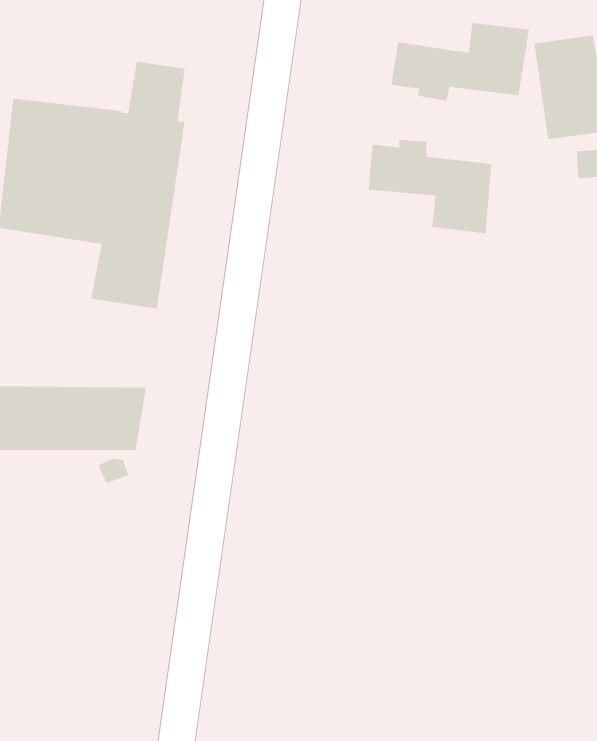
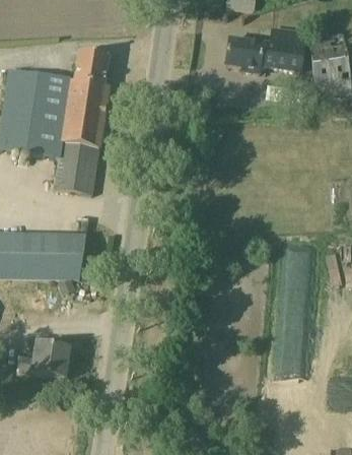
building: [368,139,492,234] -> none
building: none -> [17,342,69,378]

